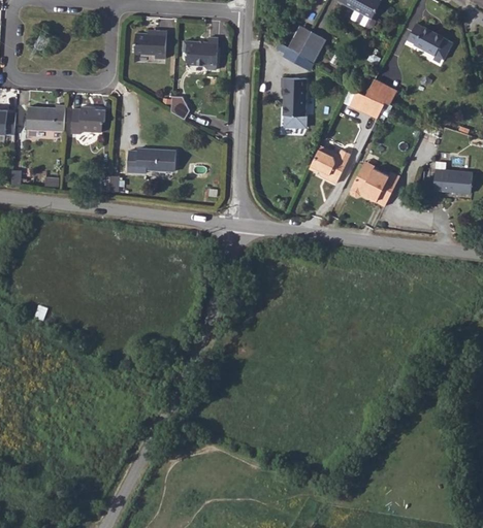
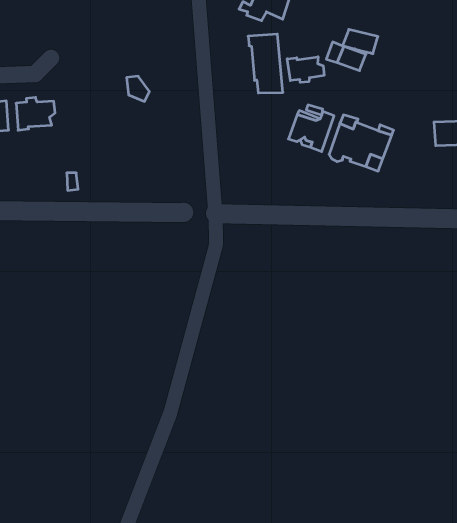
building: [136,33,166,61] -> none
building: [184,38,217,72] -> none
building: none -> [287,57,324,82]
building: [129,151,176,174] -> none

